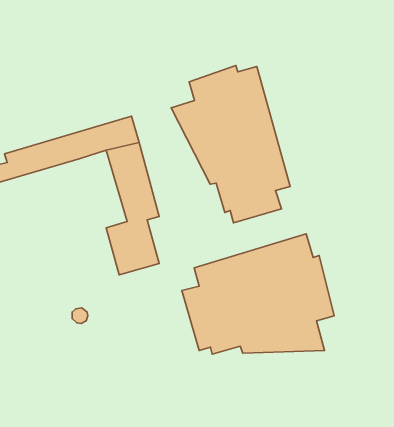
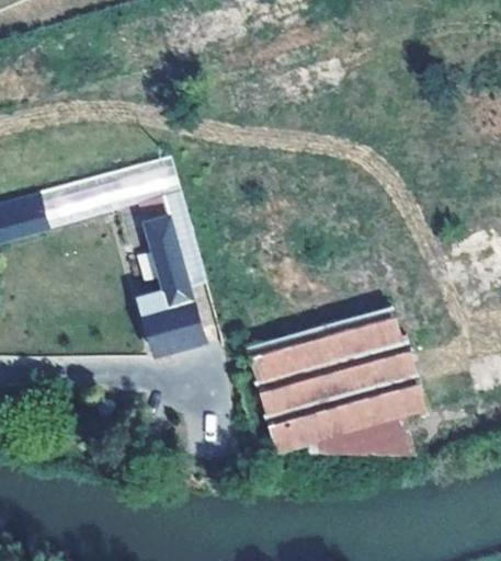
building: [171,66,290,223] -> none

